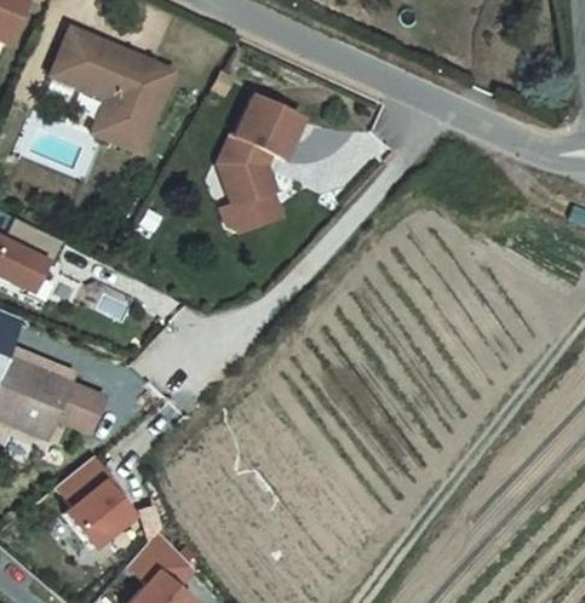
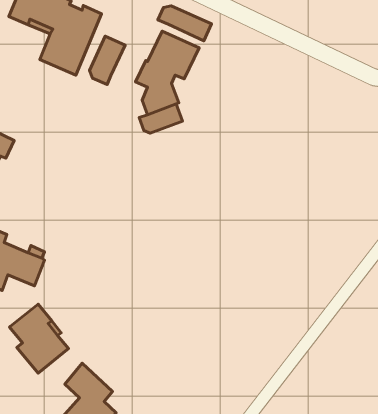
building: none -> [158,6,211,41]
building: none -> [90,36,125,85]

